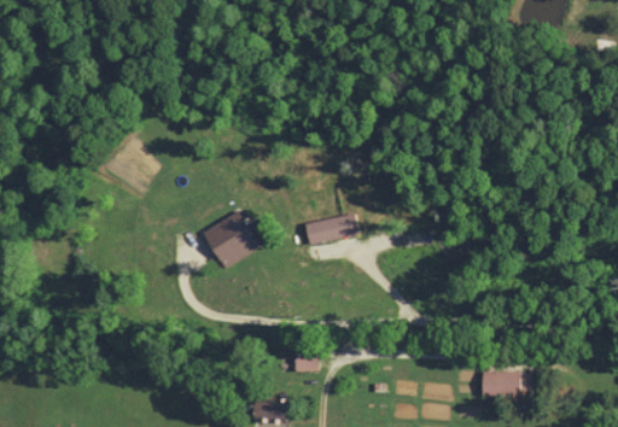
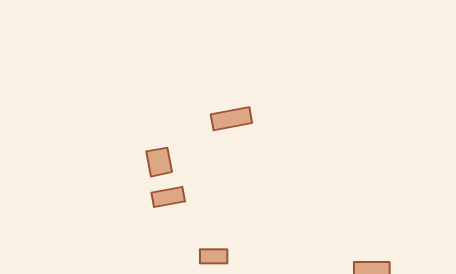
building: [307,215,361,245] -> [211,107,252,130]
building: none -> [151,187,185,207]

